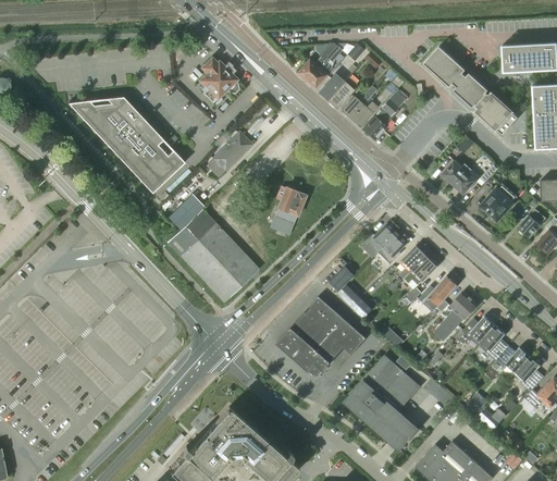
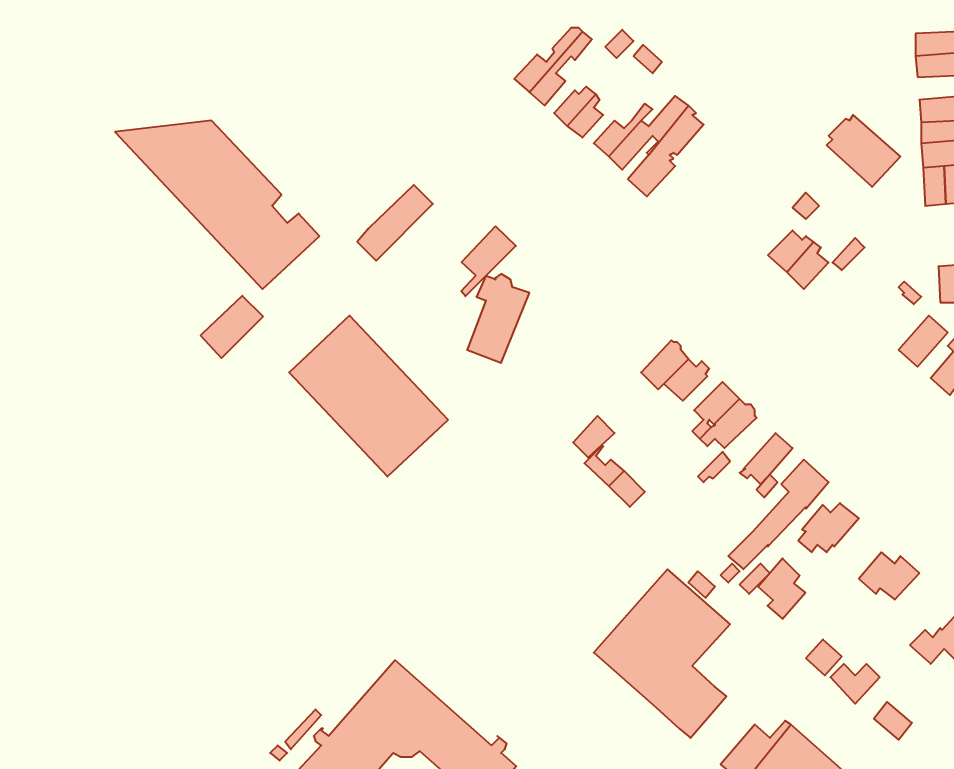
building: [425,46,488,108] -> none
building: [500,47,529,74] -> none
building: [199,59,238,103] -> none
building: none -> [461,226,516,296]
building: [481,188,513,221] -> none
building: [168,194,203,230] -> [201,296,263,358]
building: [283,296,367,374] -> none
building: [481,325,508,360] -> [758,558,805,619]
building: [516,357,544,392] -> none

